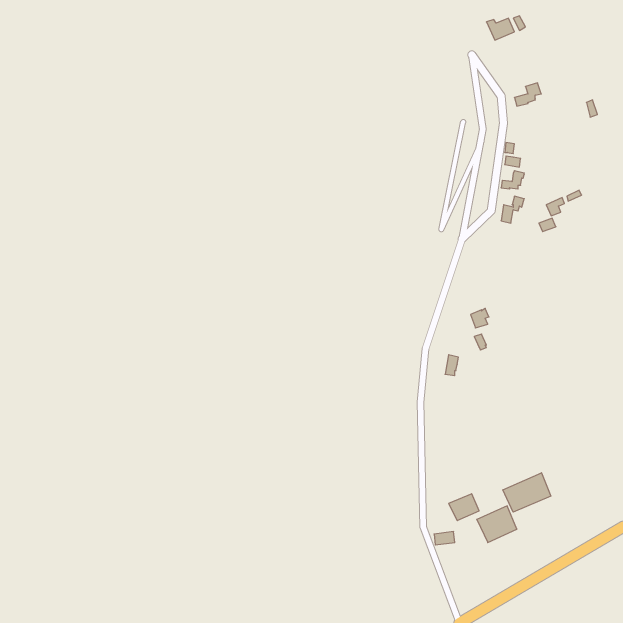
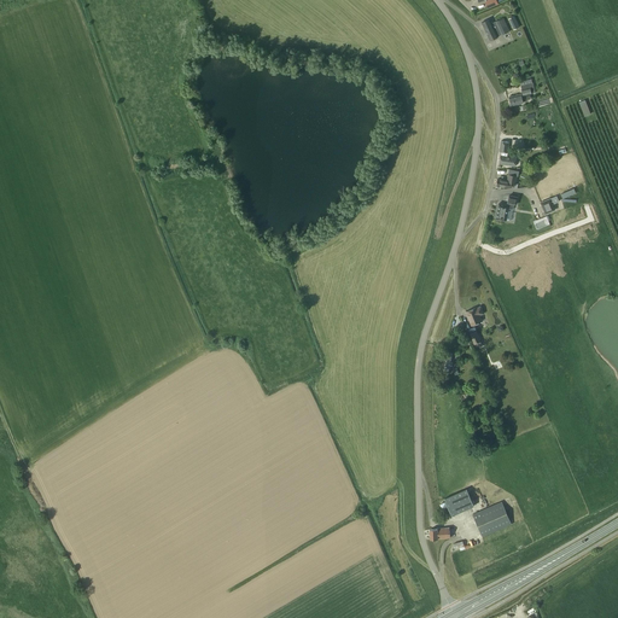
building: [503,473,551,512] -> none

